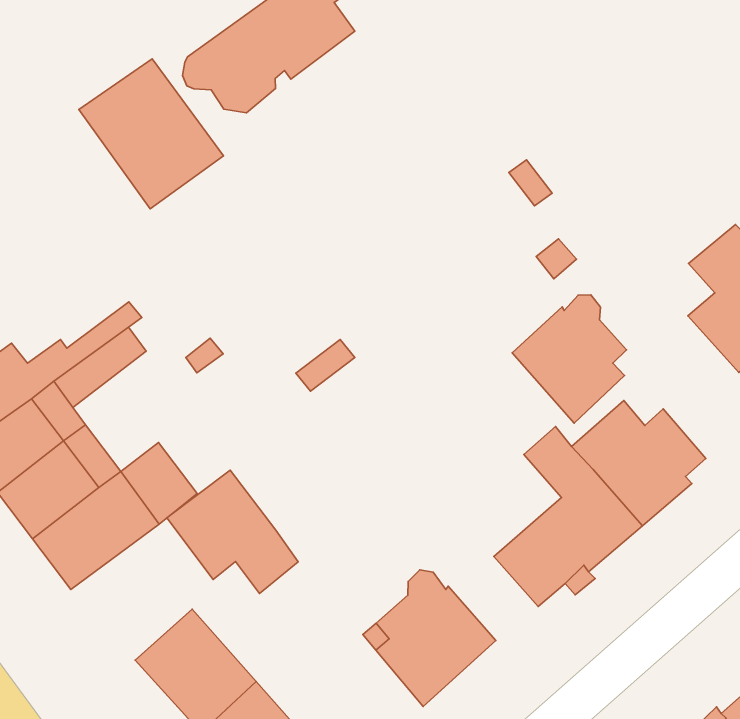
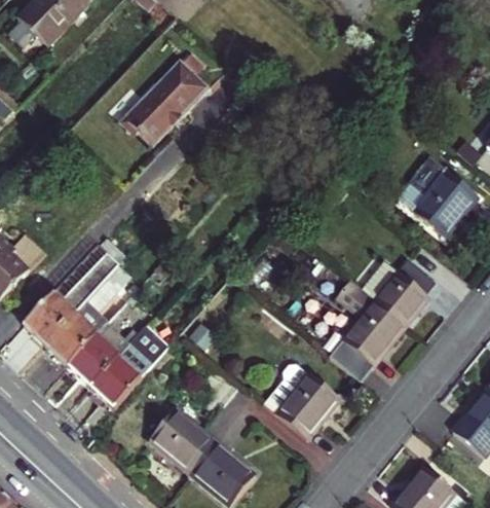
building: [79,59,224,209] -> none
building: [512,295,627,423] -> none
building: [167,470,298,593] -> none

